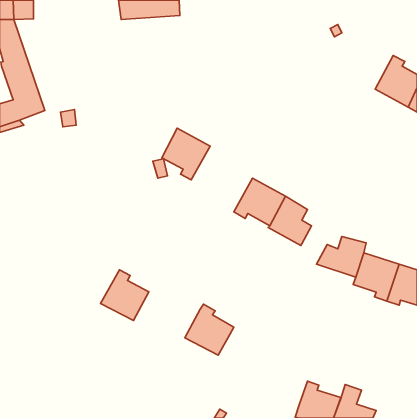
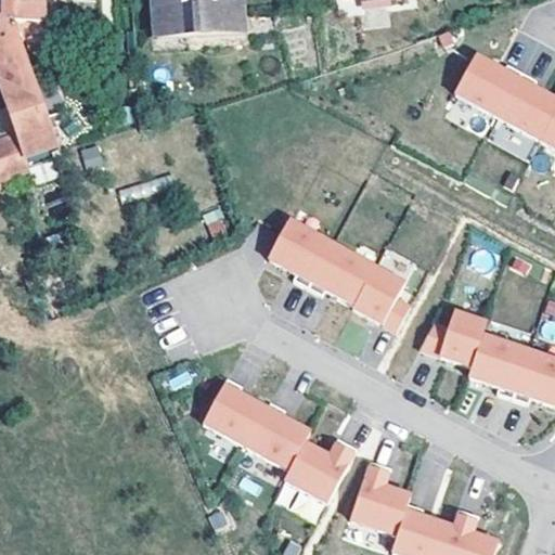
building: none -> [454,55,521,118]
building: [162,128,210,180] -> [271,212,335,281]
building: [101,270,149,321] -> [202,380,266,448]
building: none -> [284,439,358,504]
building: none -> [350,463,410,537]

